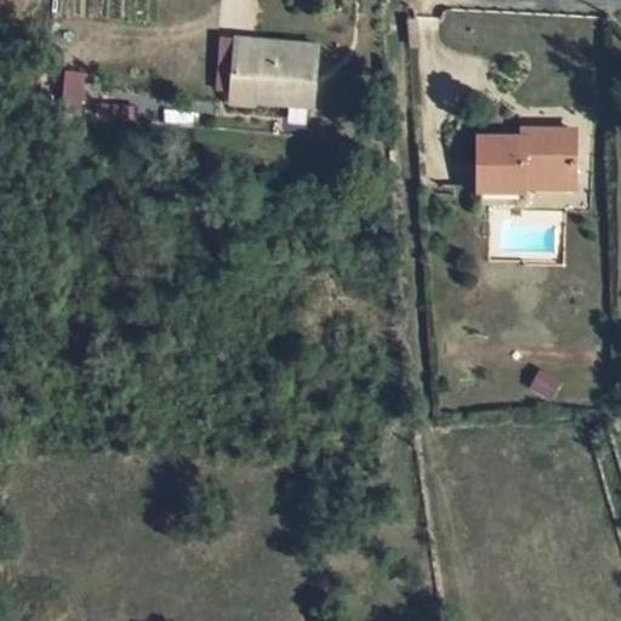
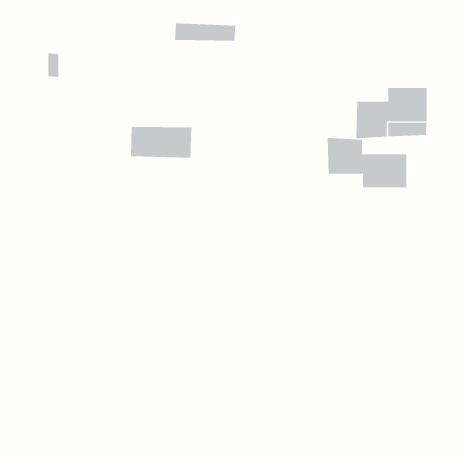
building: [233,63,315,106] -> [130,126,192,158]
building: none -> [327,137,407,188]

